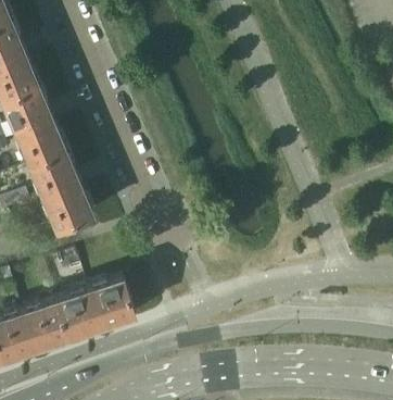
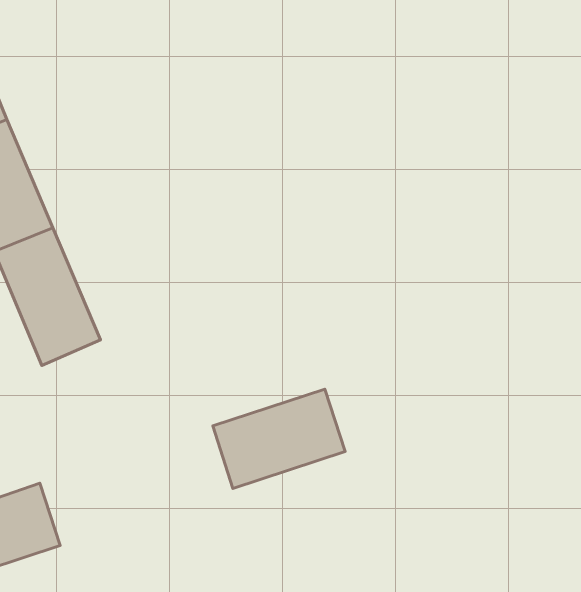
building: [58,282,136,340] -> [213,389,345,488]

